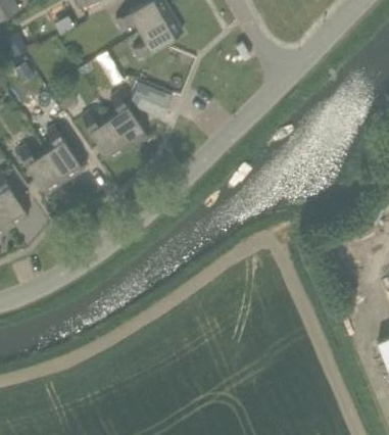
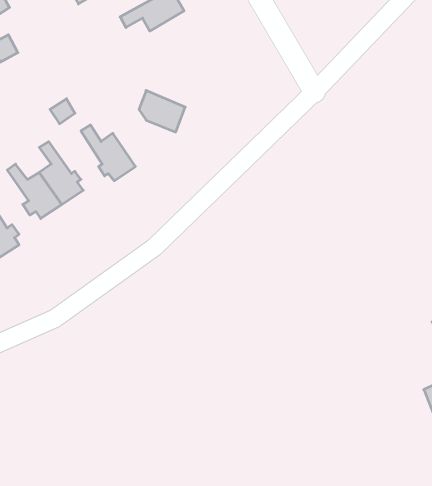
building: [132,13,181,57] -> none
building: [108,92,146,147] -> none

